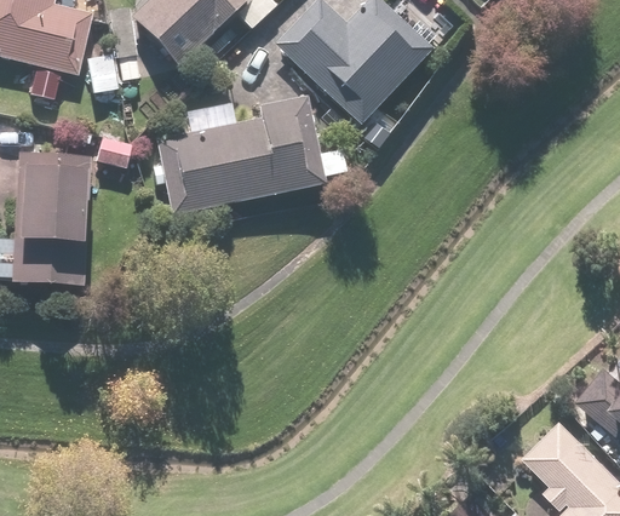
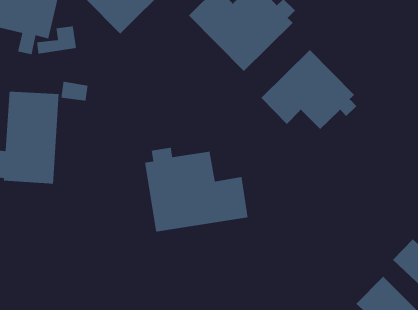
building: none -> [260,49,357,130]
building: [155,96,345,214] -> none
building: none -> [144,147,249,233]

